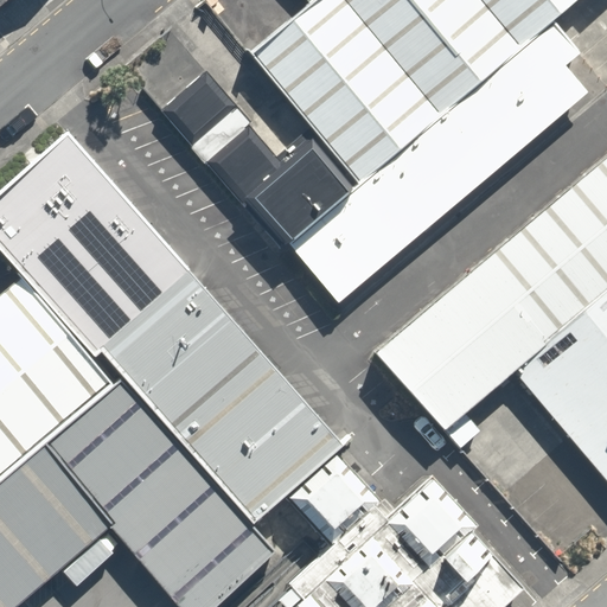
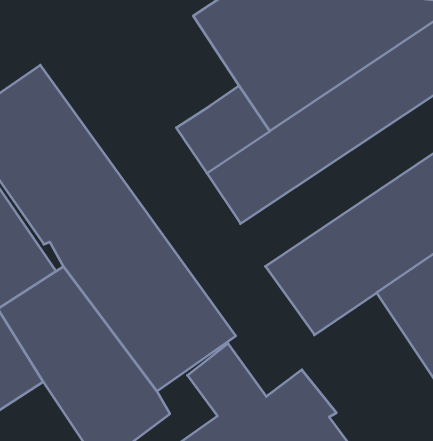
building: [160,71,281,199] -> none

